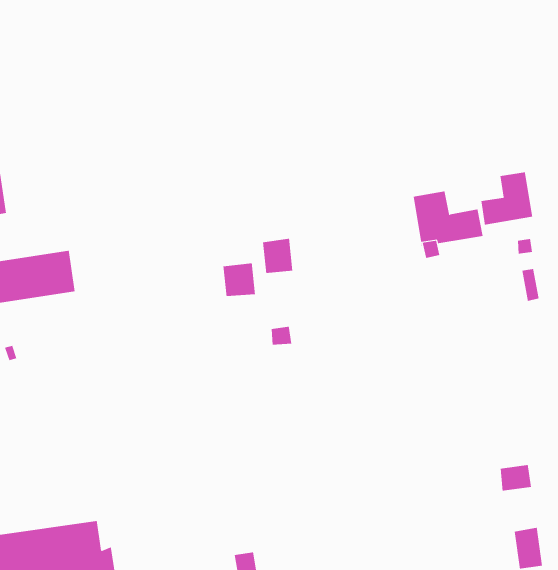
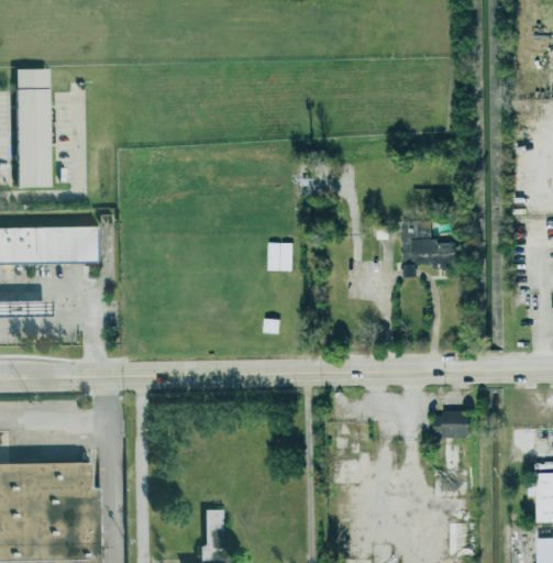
building: [481,172,533,226] -> none
building: [223,262,255,297] -> none
building: none -> [435,411,471,438]

